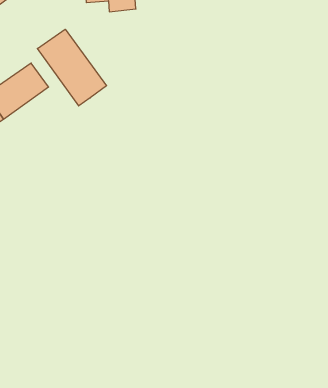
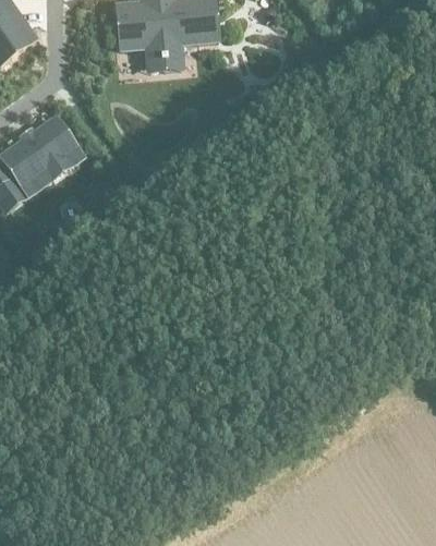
building: [37,29,107,106] -> none

